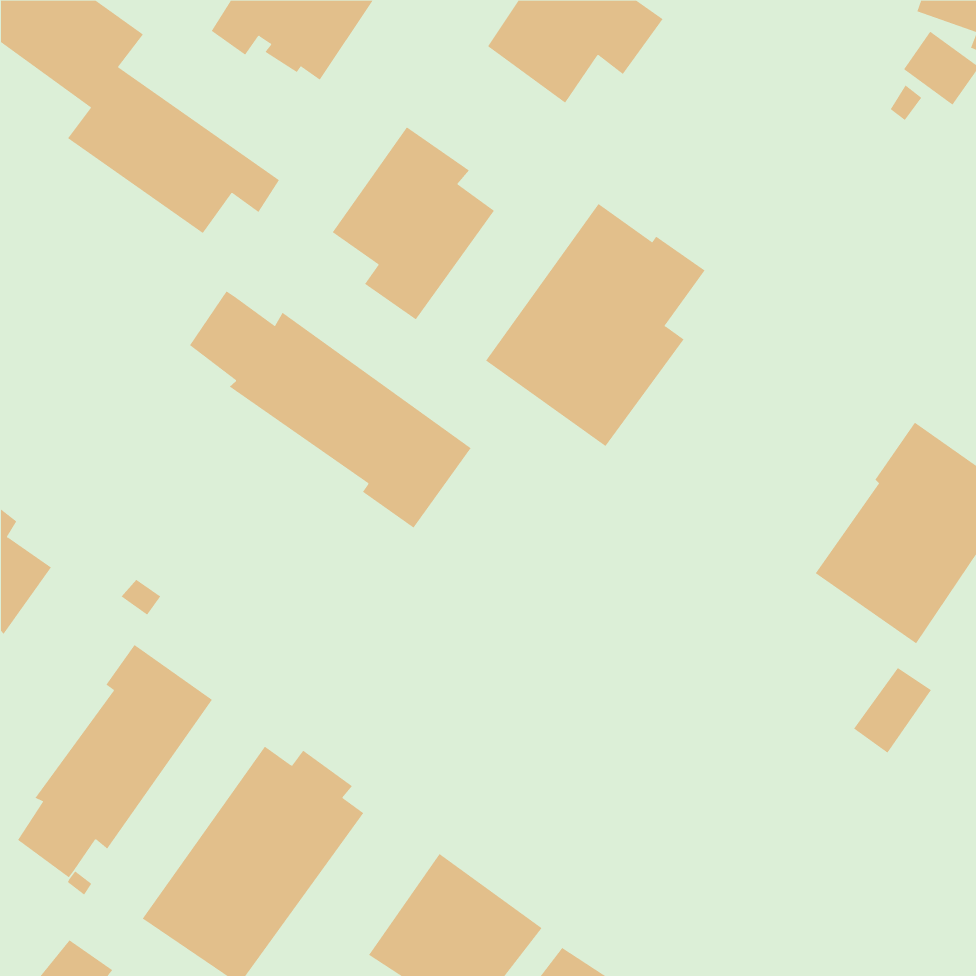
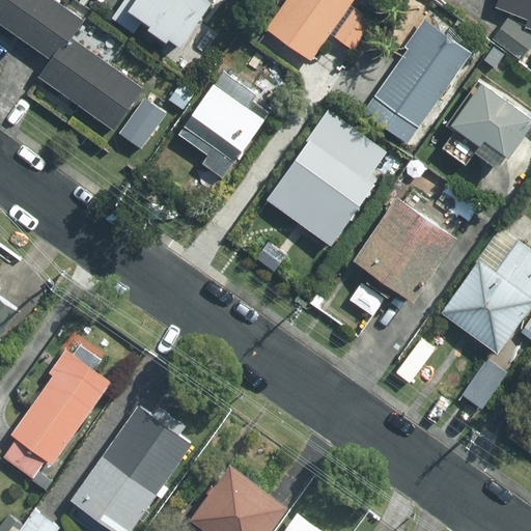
building: none -> [362,24,465,139]
building: none -> [444,83,526,168]
building: [189,290,471,529] -> none
building: none -> [352,198,451,299]

